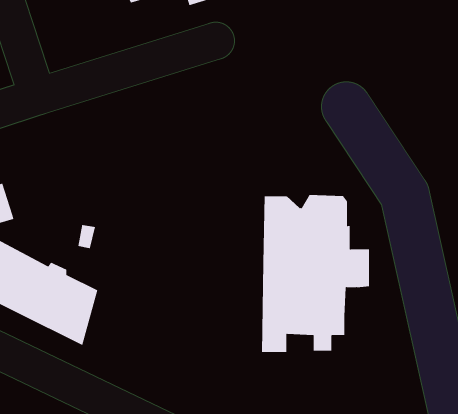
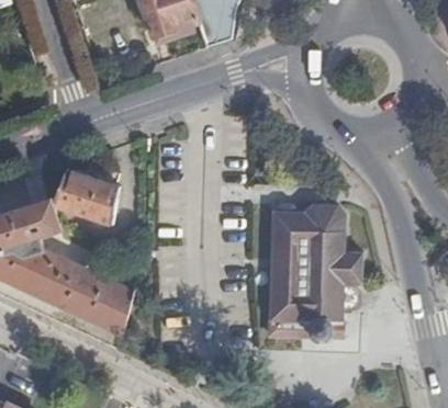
building: none -> [51,160,119,219]

